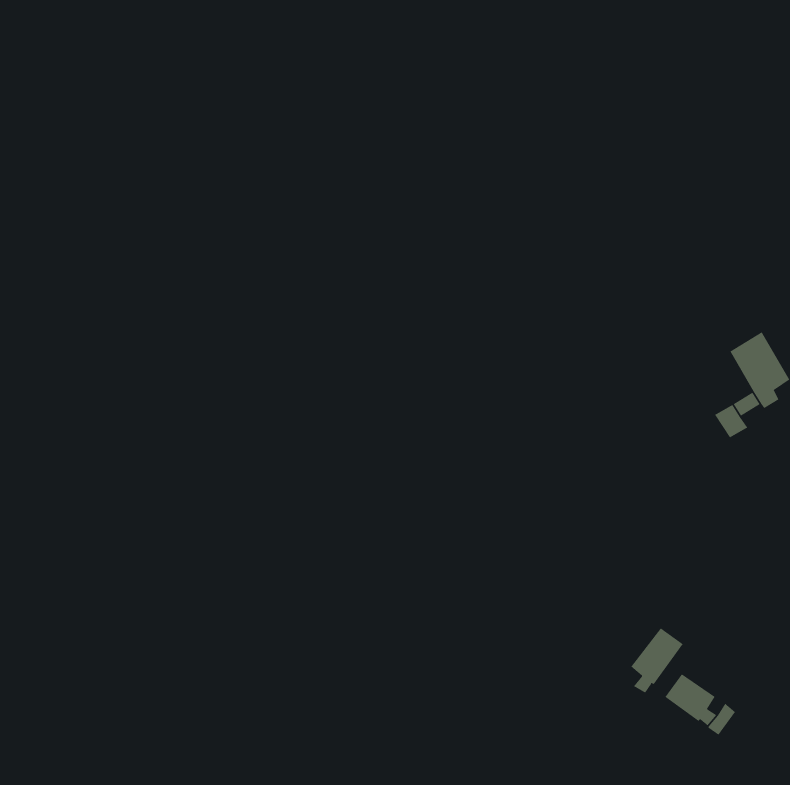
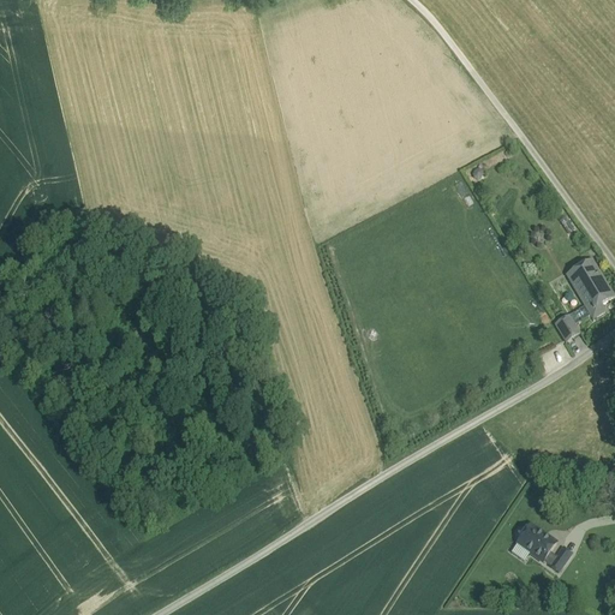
building: [631,627,683,694] -> none

